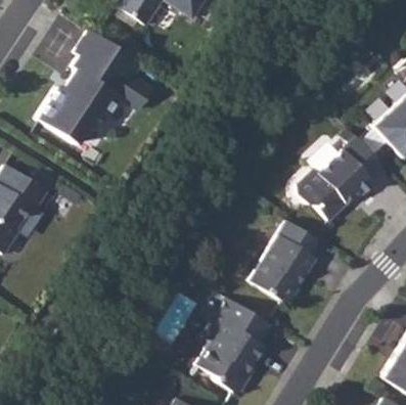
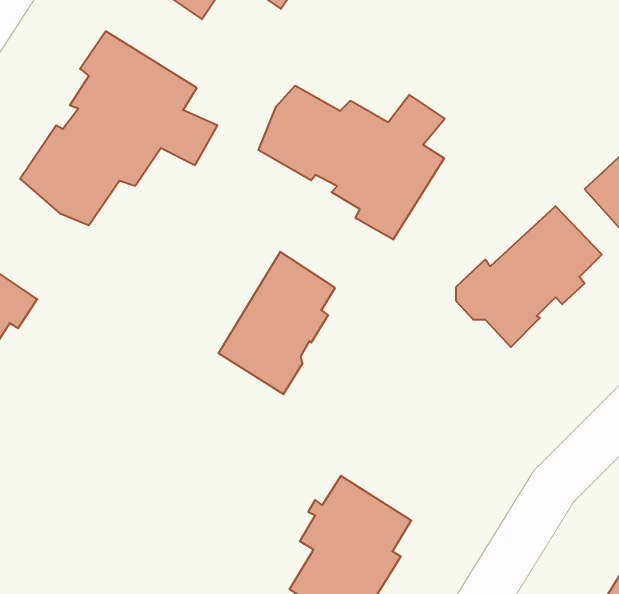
building: none -> [258,86,445,240]
building: [251,219,320,304] -> [218,252,335,394]

